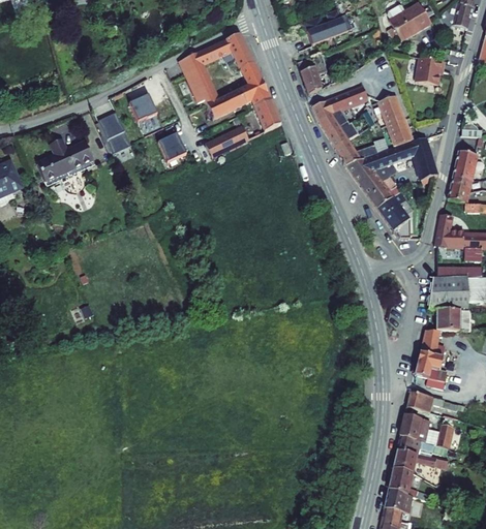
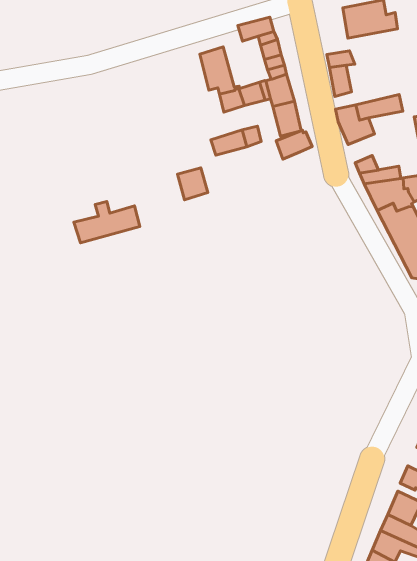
building: [179,45,219,74] -> none
building: [129,95,157,122] -> none
building: [98,113,131,154] -> none
building: [322,118,353,145] -> [276,130,312,159]
building: [158,134,186,163] -> [178,168,208,200]
building: [36,143,92,181] -> [74,202,140,243]

